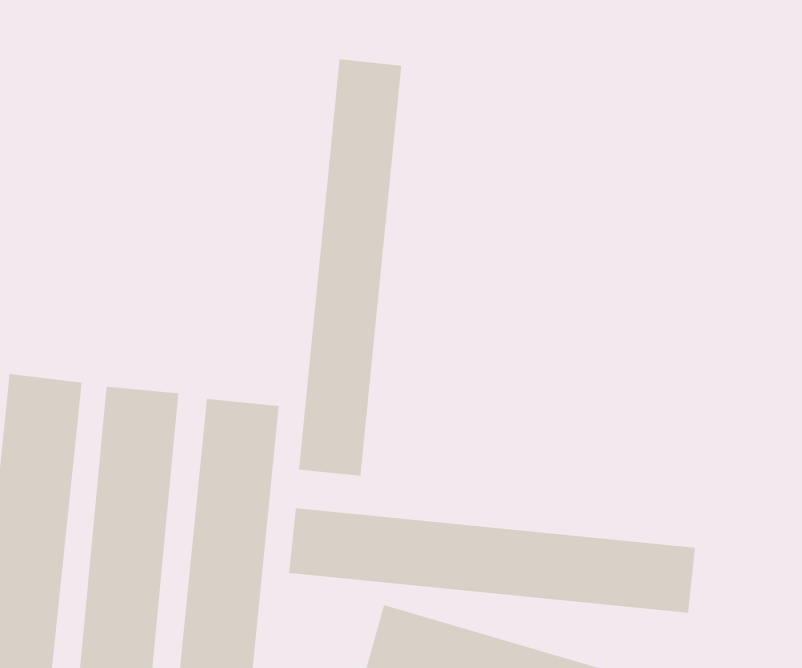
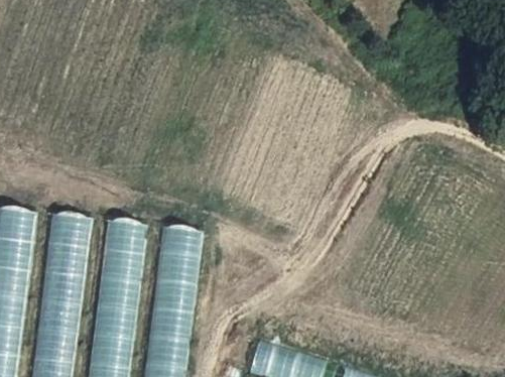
building: [298,59,402,476] -> none
building: [289,507,695,613] -> none

